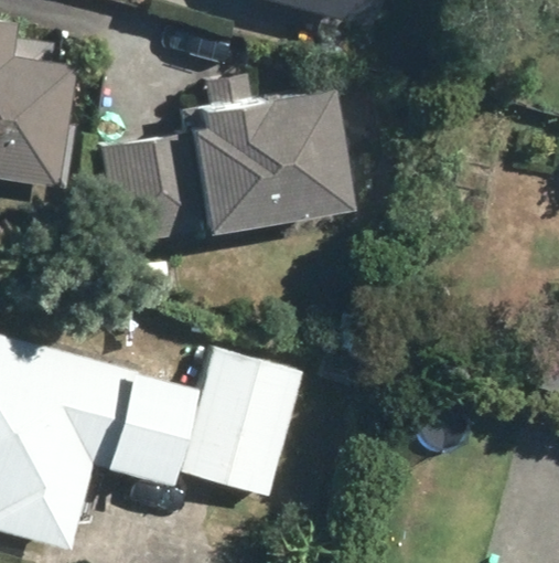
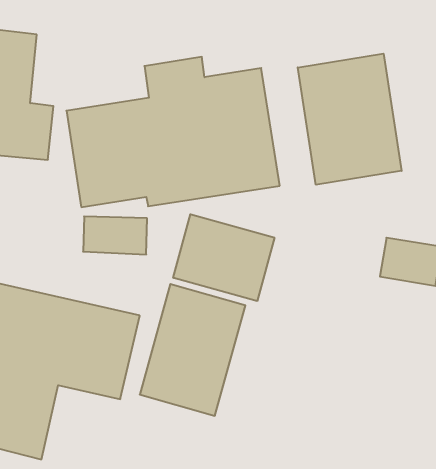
building: none -> [298,54,402,185]
building: none -> [173,214,274,301]

